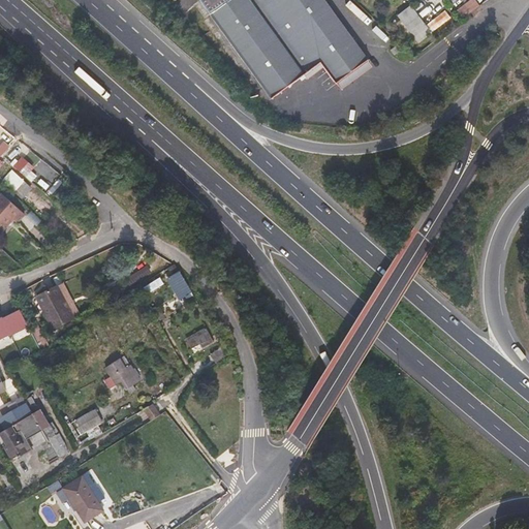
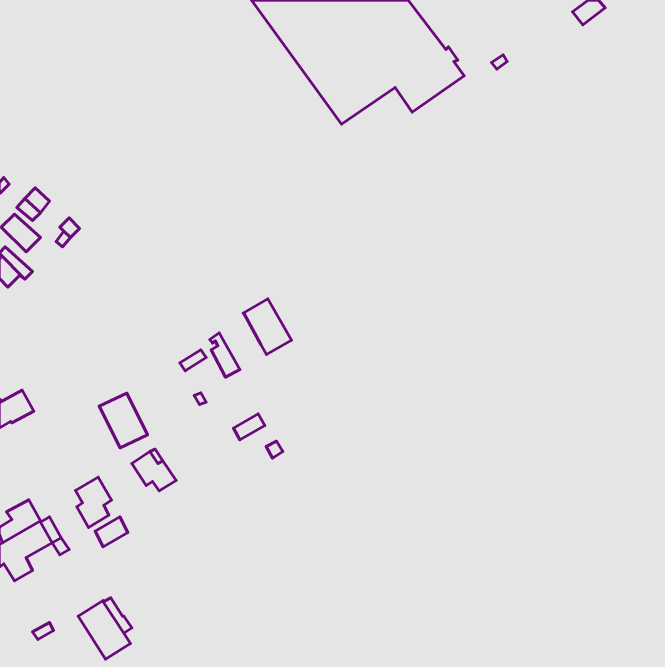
building: [397,5,429,42] -> none
building: none -> [243,299,291,354]
building: [35,285,73,329] -> [99,393,148,448]
building: none -> [76,477,112,528]

